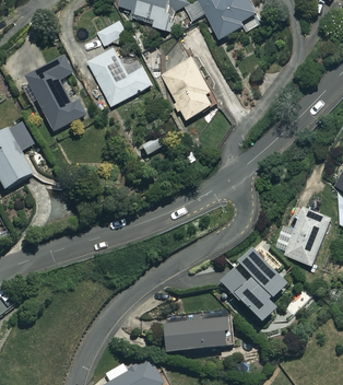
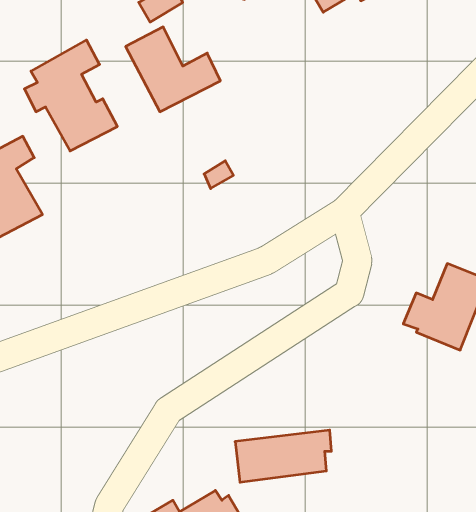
building: [163,57,218,118] -> none
building: [220,250,286,323] -> none

